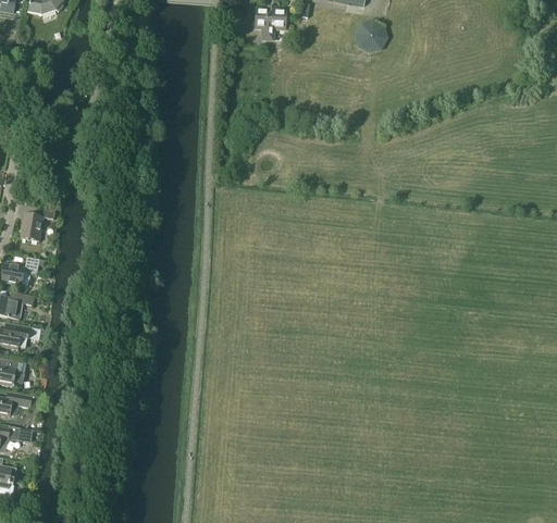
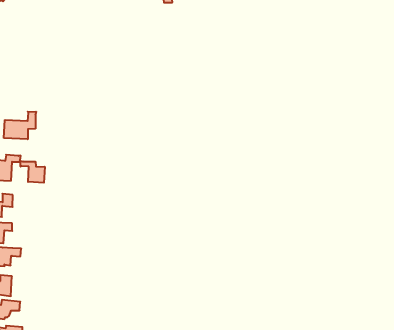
building: none -> [4,112,36,139]
building: none -> [20,161,45,183]

